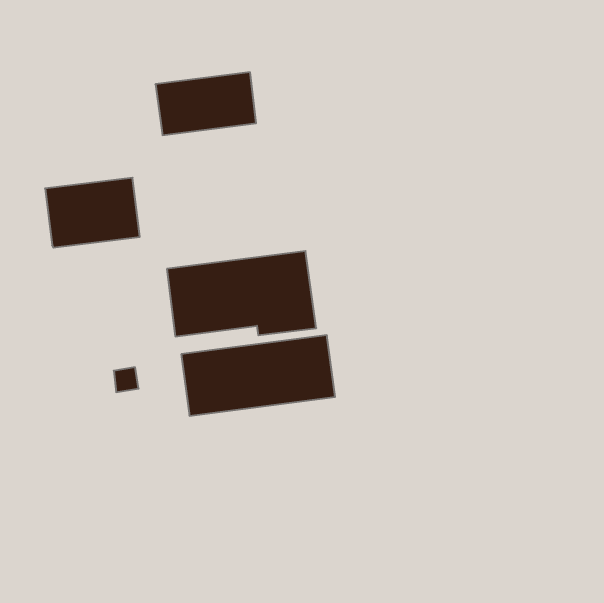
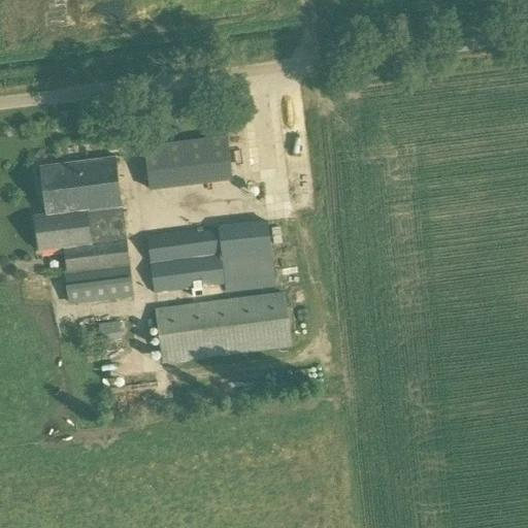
building: [155,72,256,135] -> [143,134,231,189]
building: none -> [33,206,133,302]

